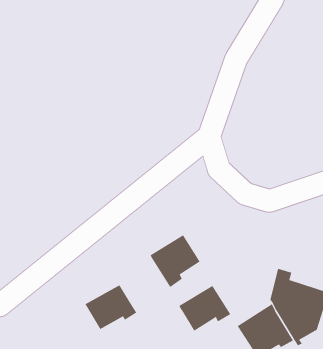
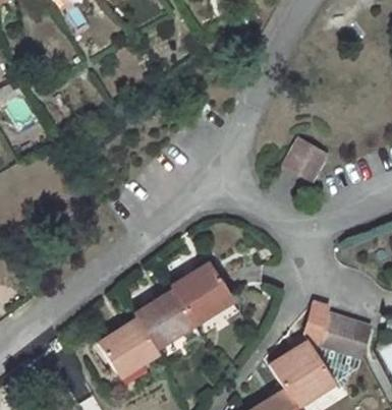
building: none -> [287,137,329,179]
building: [178,285,231,331] -> [135,291,194,343]

